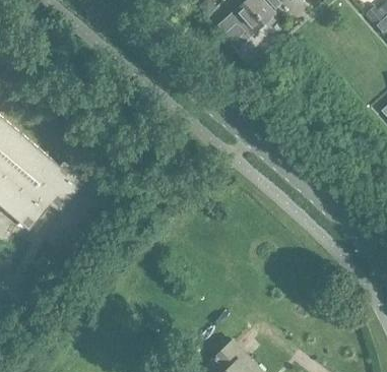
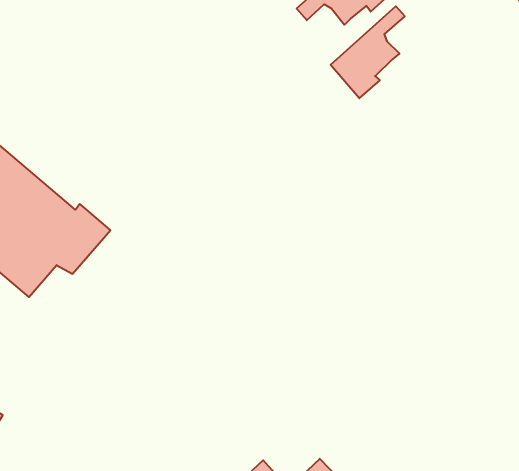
building: none -> [331,6,405,98]

